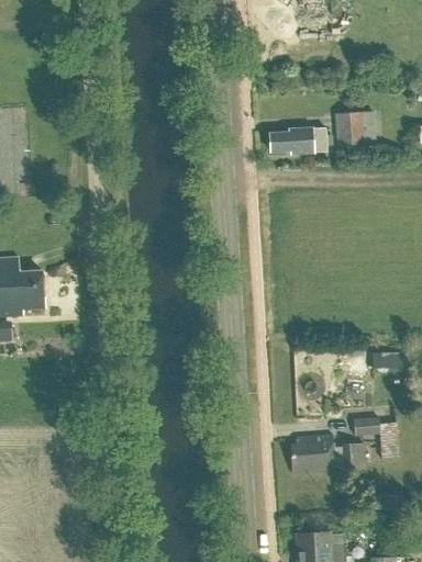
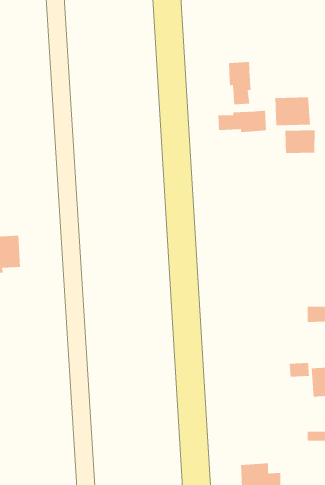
building: none -> [228,61,251,105]
building: none -> [285,129,316,154]
building: [289,434,365,472] -> none

